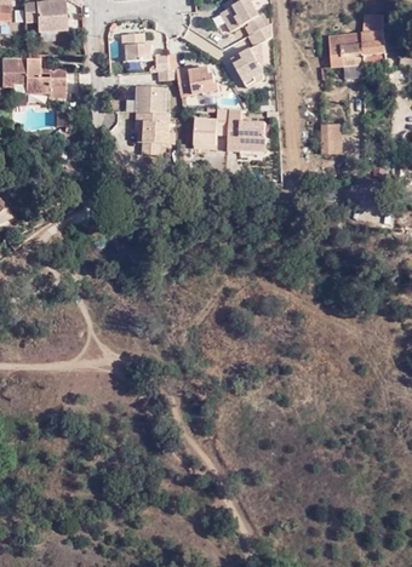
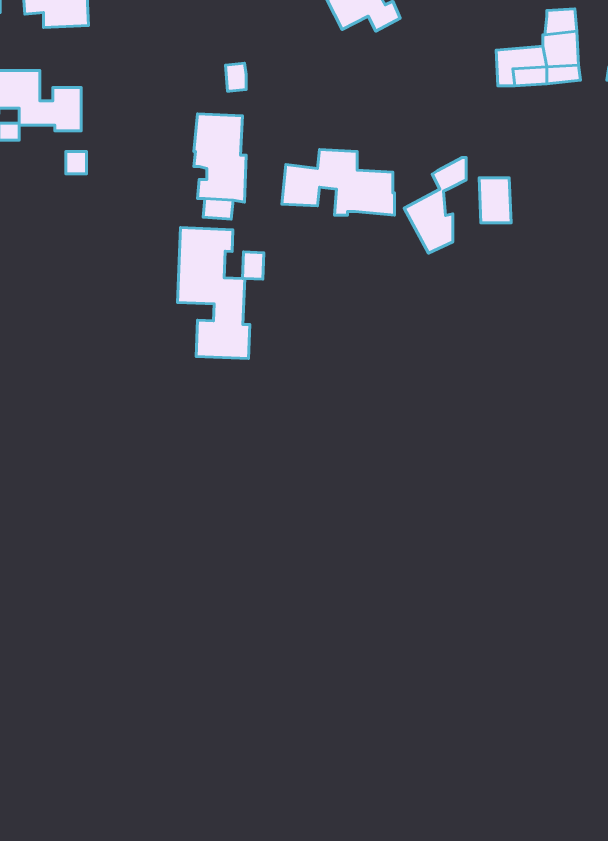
building: [231,23,271,85] -> [404,157,466,253]
building: [124,31,153,59] -> none
building: [177,65,221,94] -> none
building: none -> [178,228,264,358]

